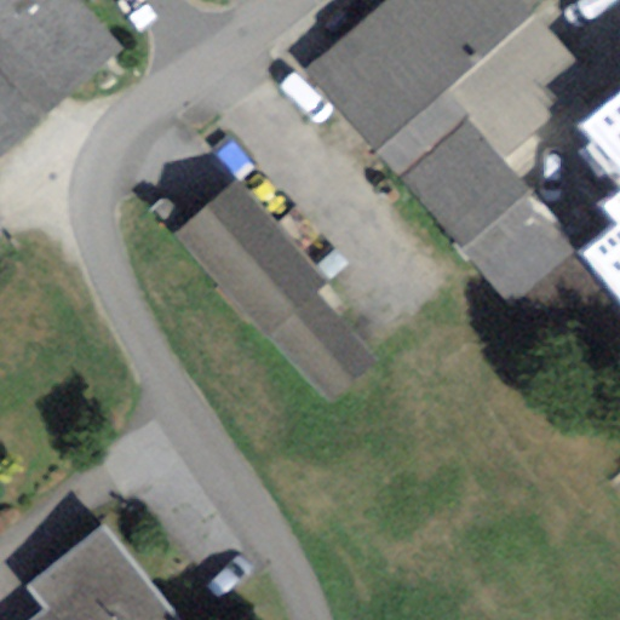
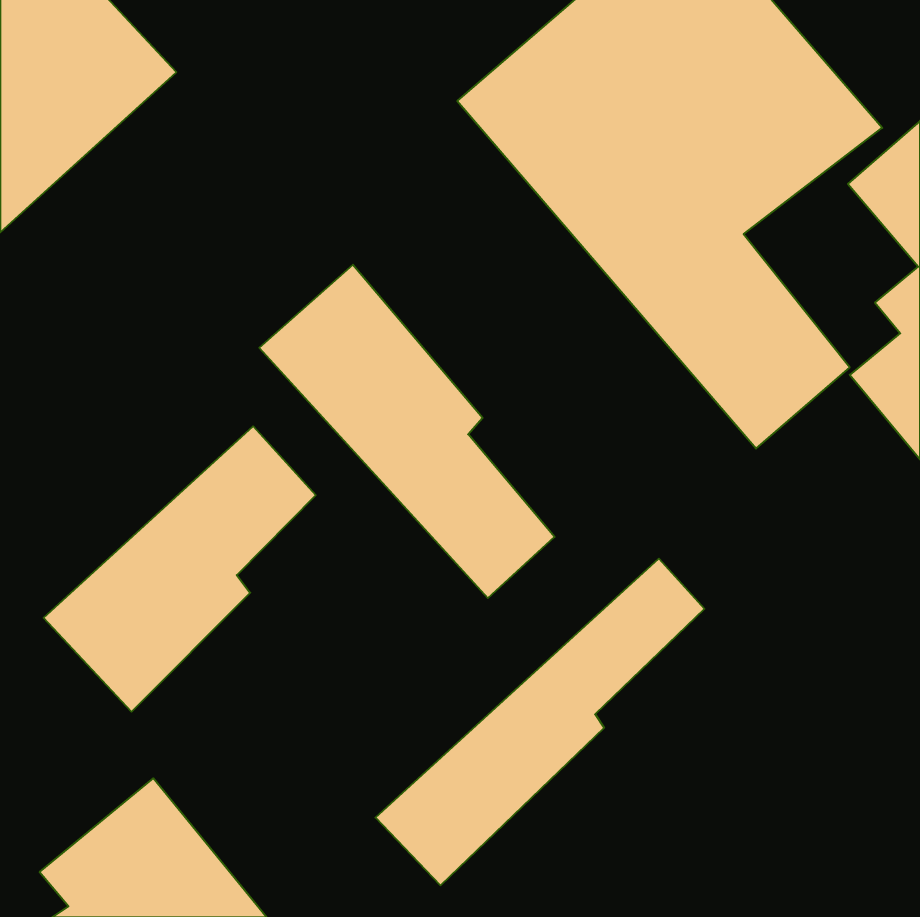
building: none -> [44,426,316,712]
building: none -> [375,559,704,885]

